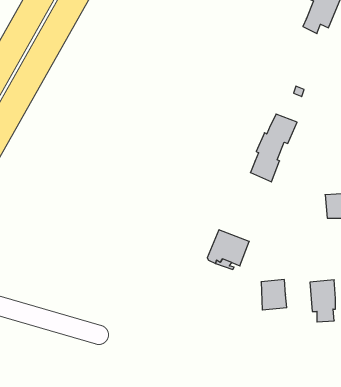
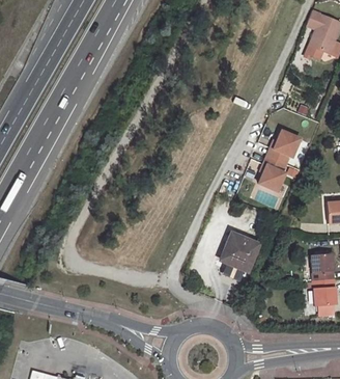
building: [261,280,287,310] -> [311,251,334,278]

